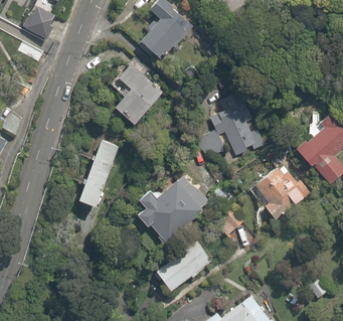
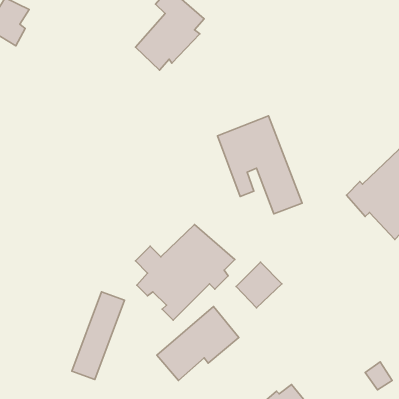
building: [111,57,163,125] -> none
building: [80,140,120,205] -> [72,292,124,379]
building: [252,166,311,219] -> none

